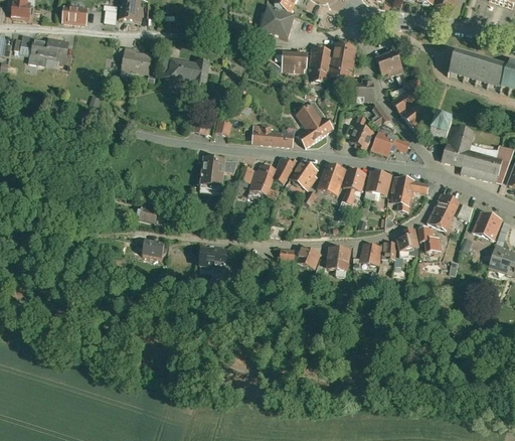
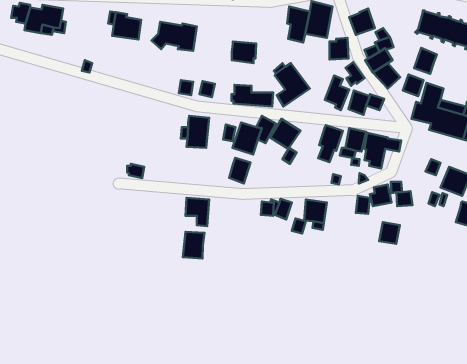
building: [281,45,307,68] -> [232,41,256,63]
building: none -> [414,48,437,74]
building: [316,163,348,199] -> none
building: [426,194,459,234] -> none
building: none -> [229,158,251,183]
building: [143,238,166,258] -> none
building: [359,245,381,268] -> [379,222,400,244]
building: none -> [183,232,204,259]

